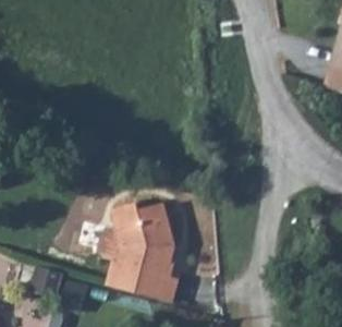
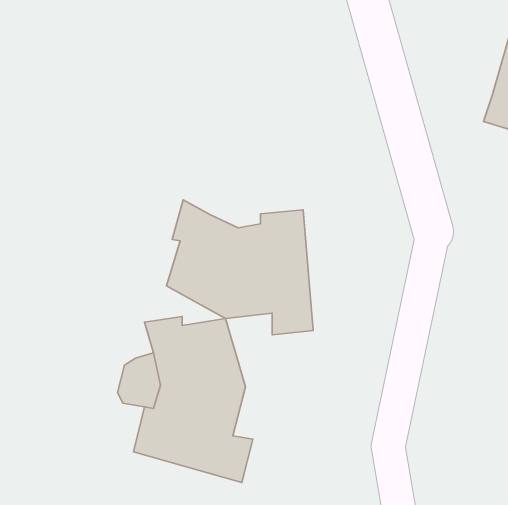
building: none -> [167,200,313,335]

